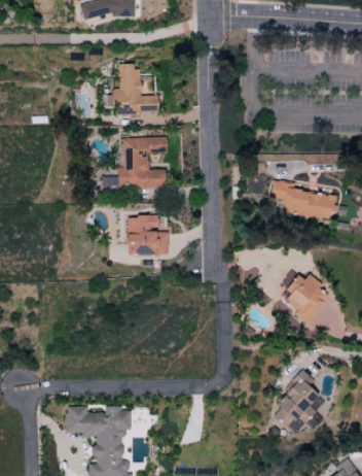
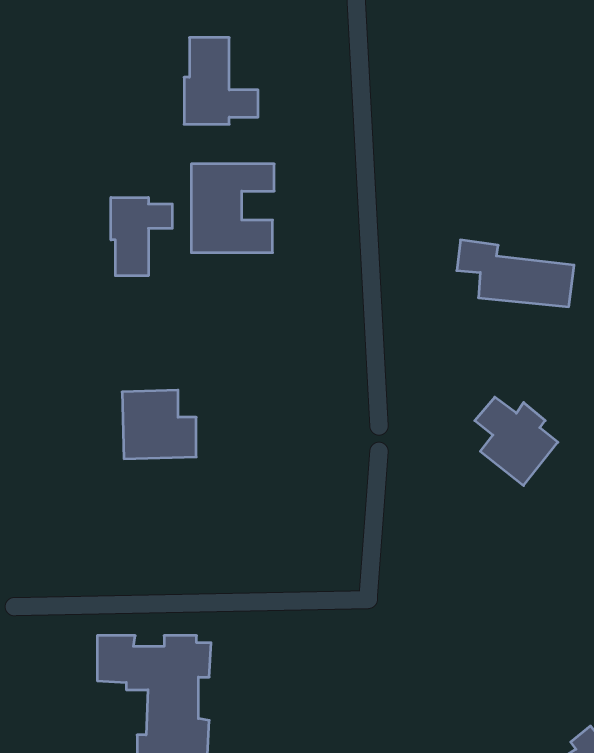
building: none -> [111,197,172,276]
building: [126,215,169,254] -> [122,390,196,459]
building: [274,369,323,435] -> none

